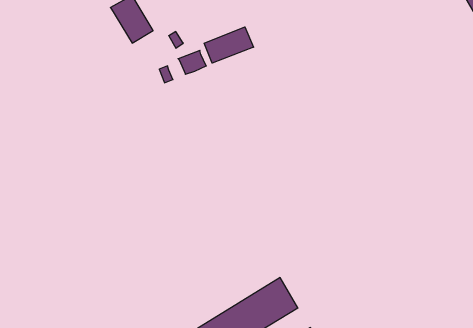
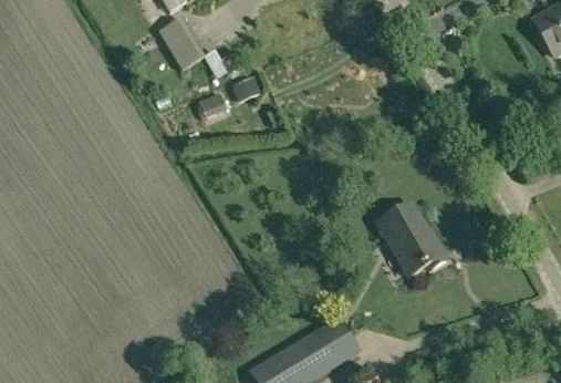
building: [204,27,254,63] -> none
building: none -> [377,203,447,276]

